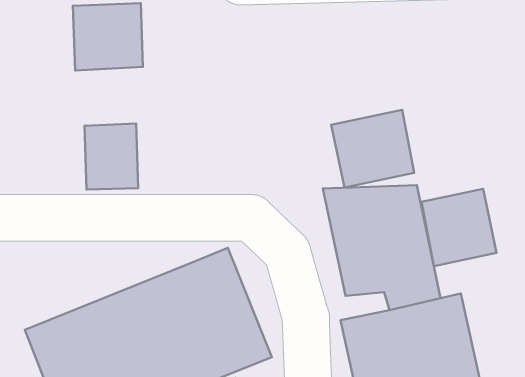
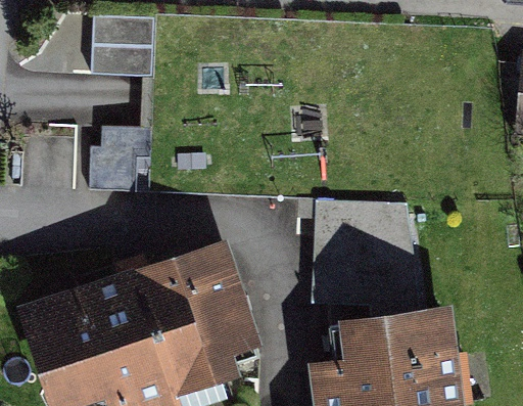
building: [331,110,414,188] -> none
building: [422,189,496,266] -> none

